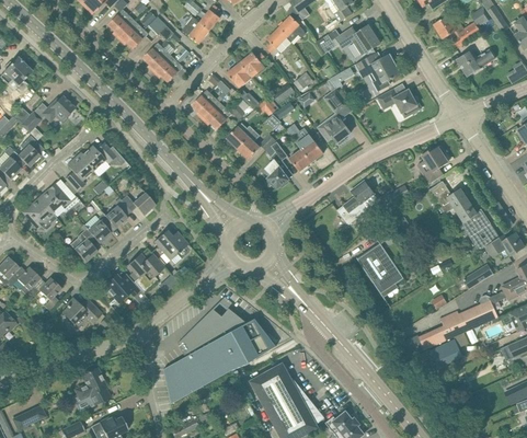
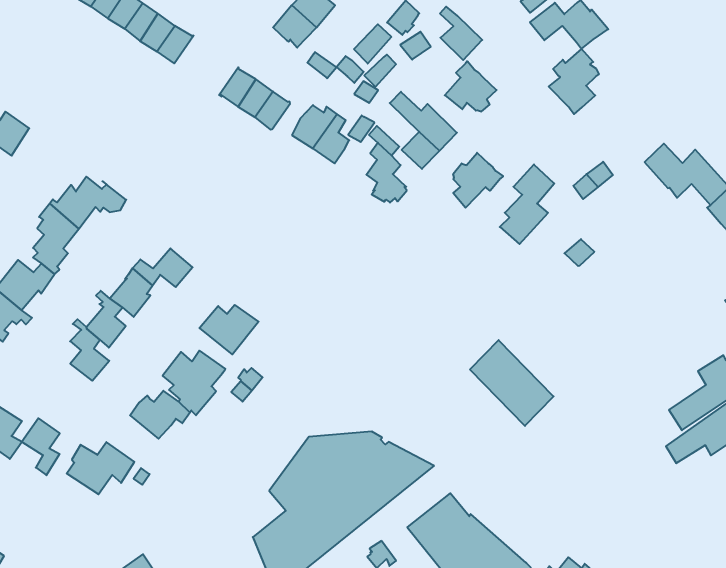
building: [417,146,448,183] -> [549,49,599,114]
building: none -> [453,153,503,208]
building: [356,242,402,295] -> [470,340,554,426]

